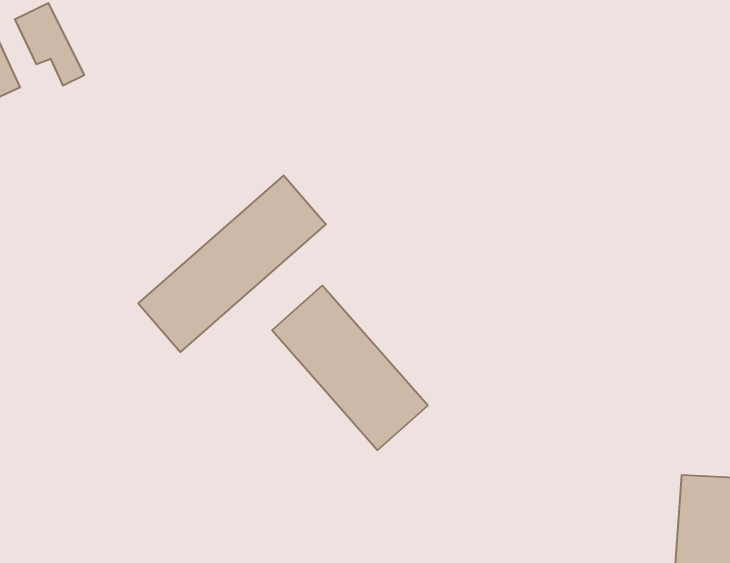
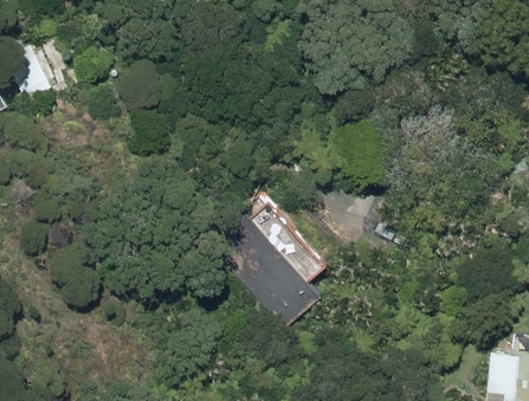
building: [138,175,326,352] -> none

